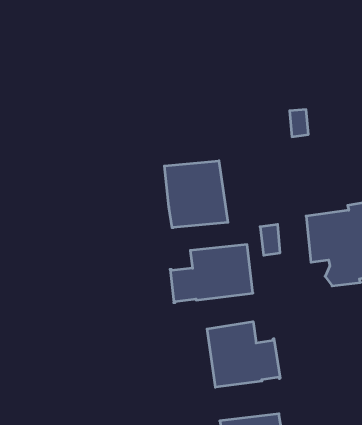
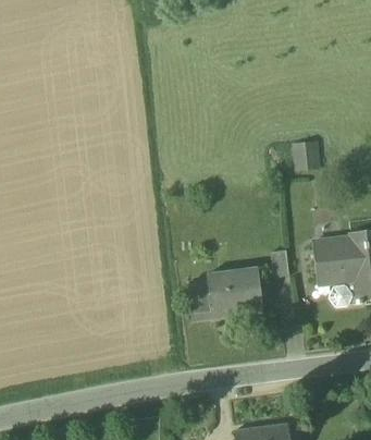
building: [164,161,228,228] -> none
building: [207,322,280,387] -> none

